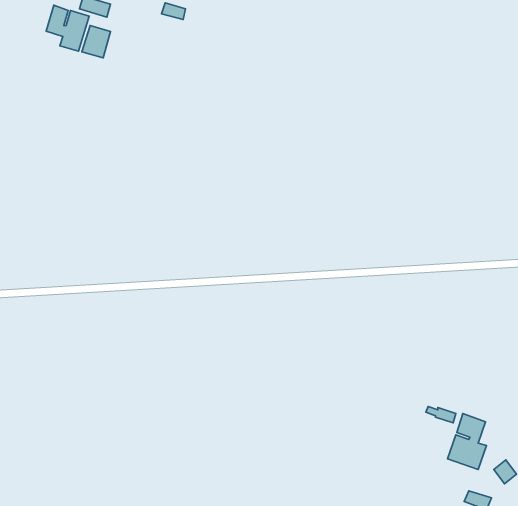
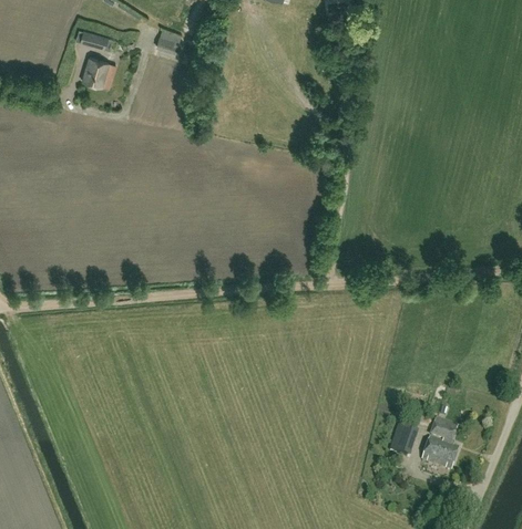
building: [46,5,89,51] -> none
building: none -> [390,426,416,457]

